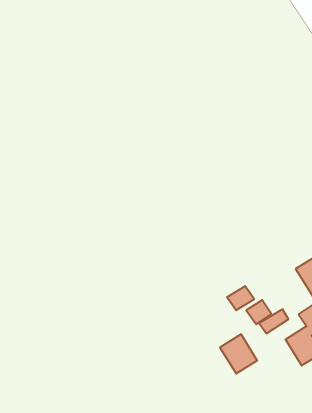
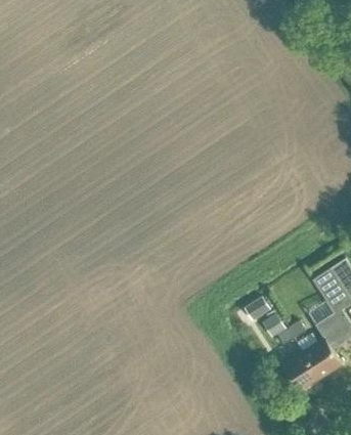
building: [220,334,257,374] -> [282,351,320,391]

